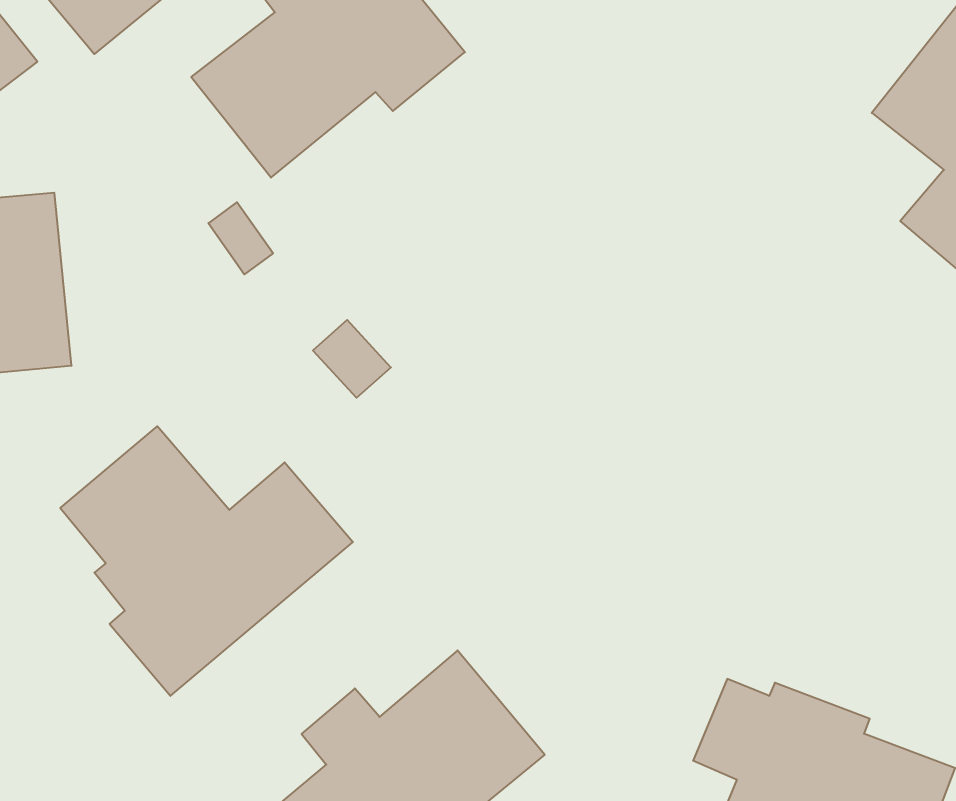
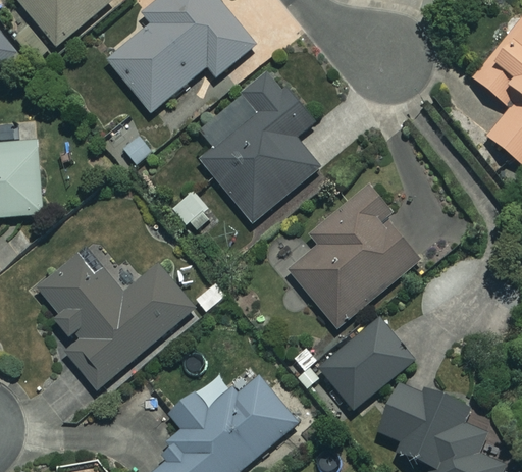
building: none -> [200,72,319,222]
building: none -> [289,183,421,328]
building: none -> [320,317,414,408]

